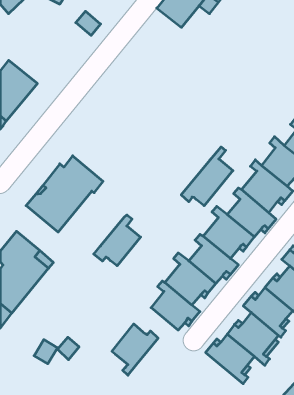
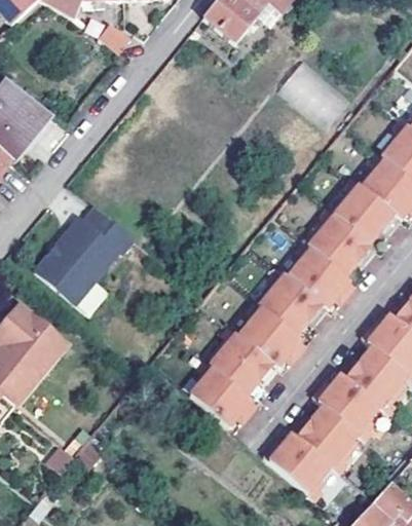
building: [181,147,233,206] -> none
building: [94,215,141,266] -> none
building: [112,324,158,375] -> none

